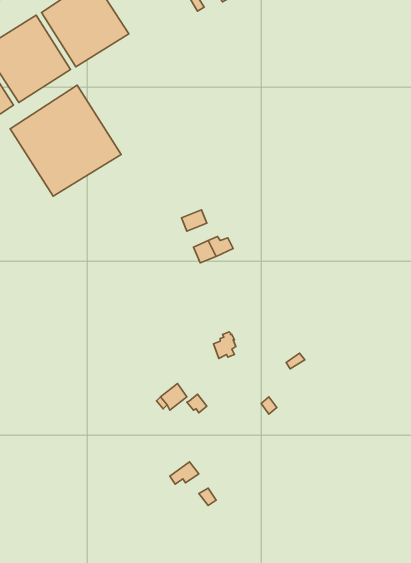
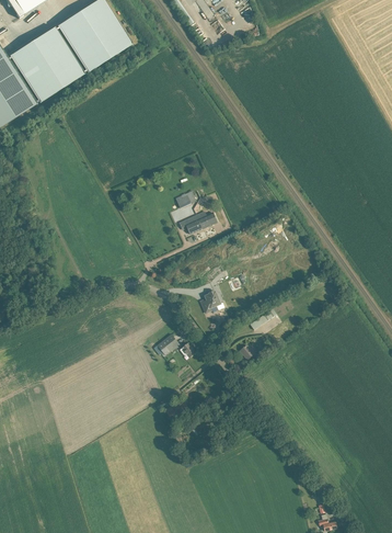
building: [10,85,121,196] -> none

